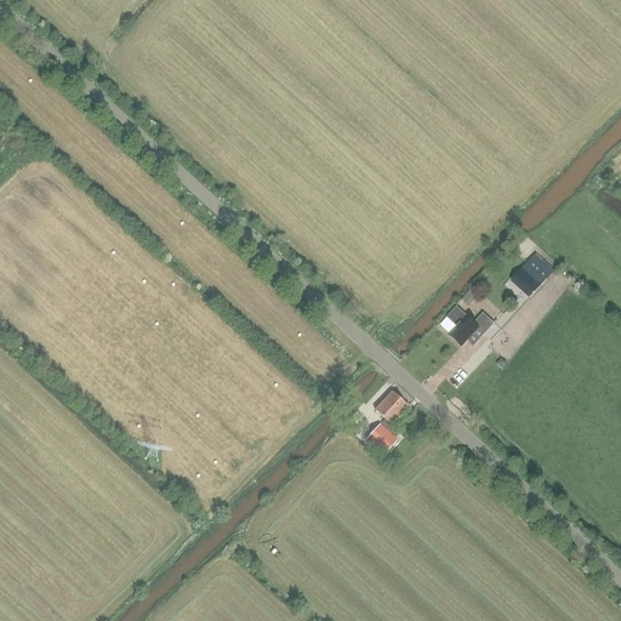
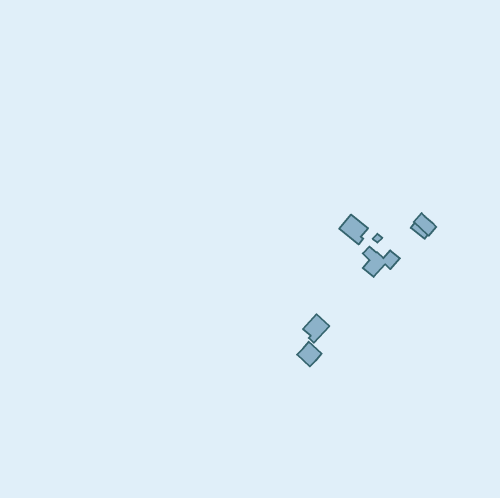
building: none -> [339,215,368,244]

